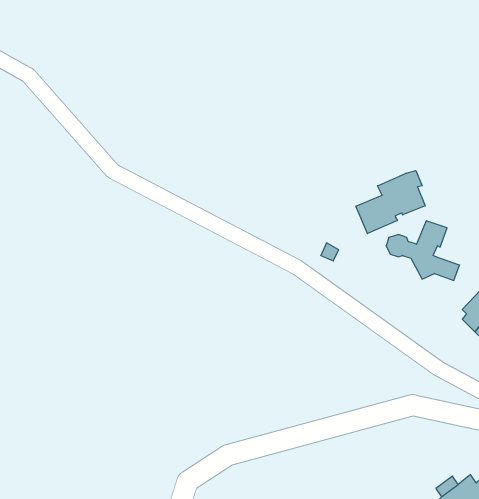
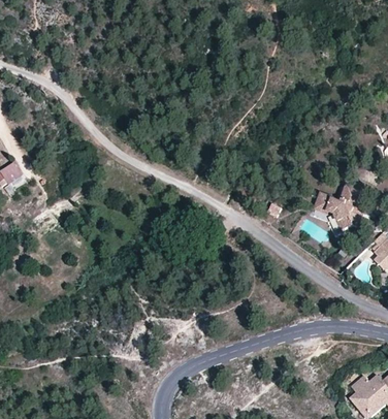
building: [356,171,425,234] -> none

